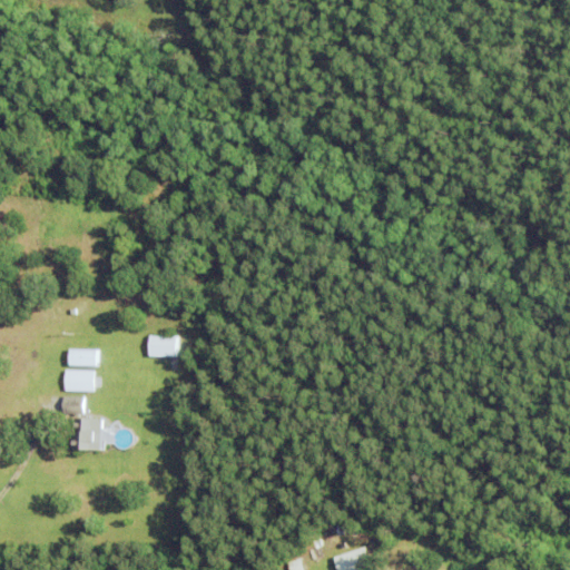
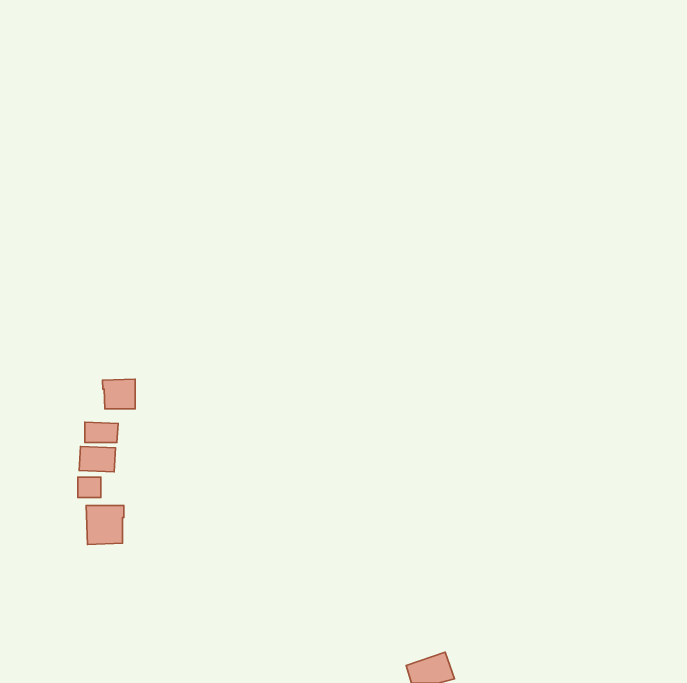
building: none -> [103,379,135,409]
building: [150,335,177,357] -> none

